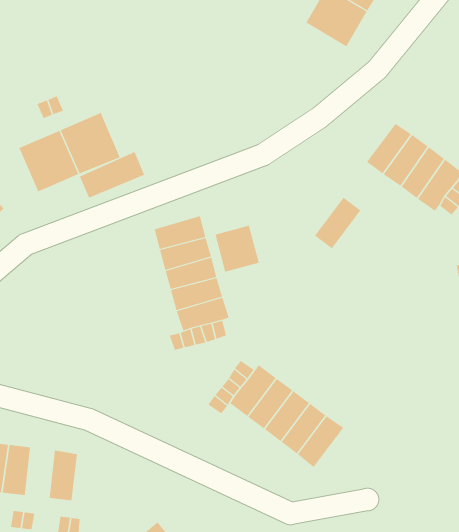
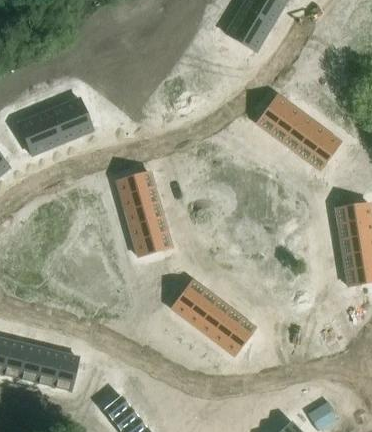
building: [79,151,145,199] -> none
building: [314,197,361,249] -> [258,96,292,134]
building: [215,225,260,273] -> none
building: none -> [24,341,45,378]
building: none -> [58,346,80,383]

